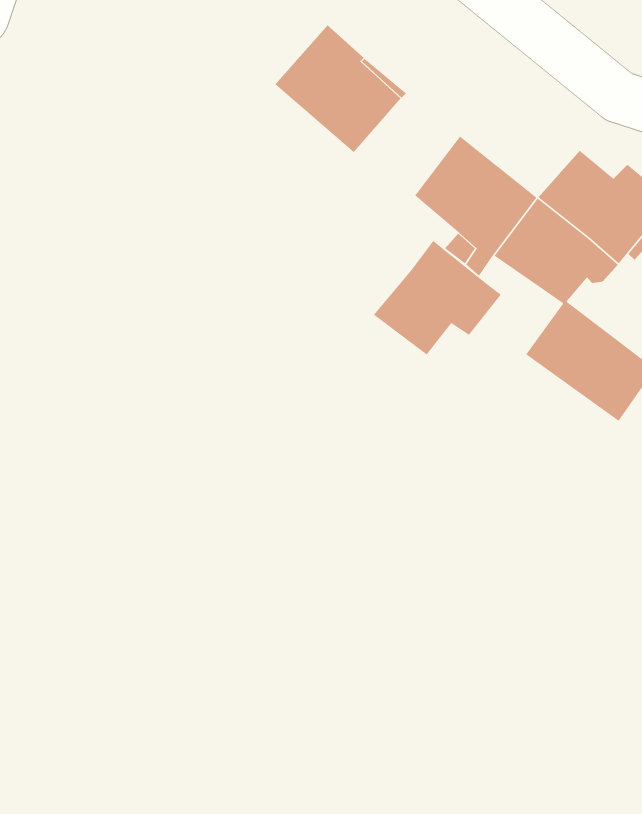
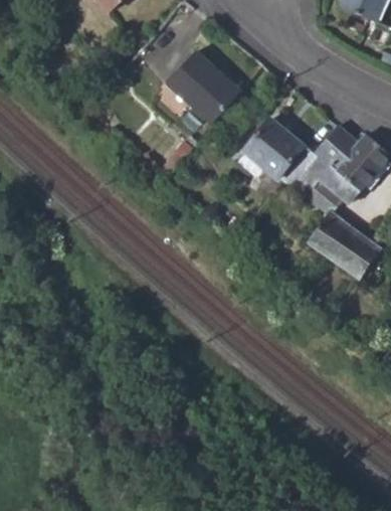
building: [373,240,502,356] -> none

